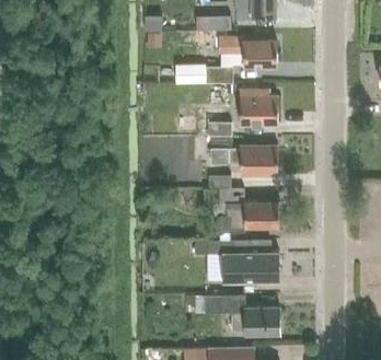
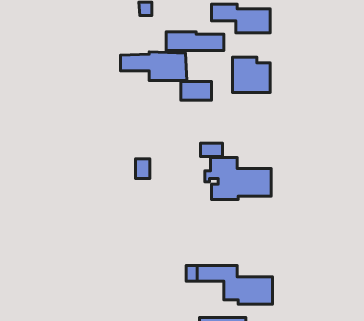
building: [212,146,278,174] -> [120,52,187,81]
building: [208,241,278,281] -> none

